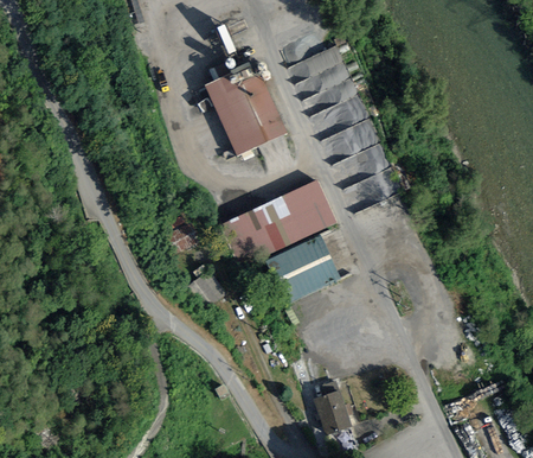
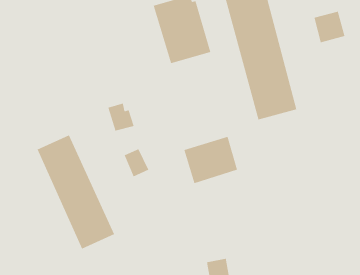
building: none -> [314,11,345,43]
building: [221,179,336,267] -> none
building: none -> [37,135,115,250]

